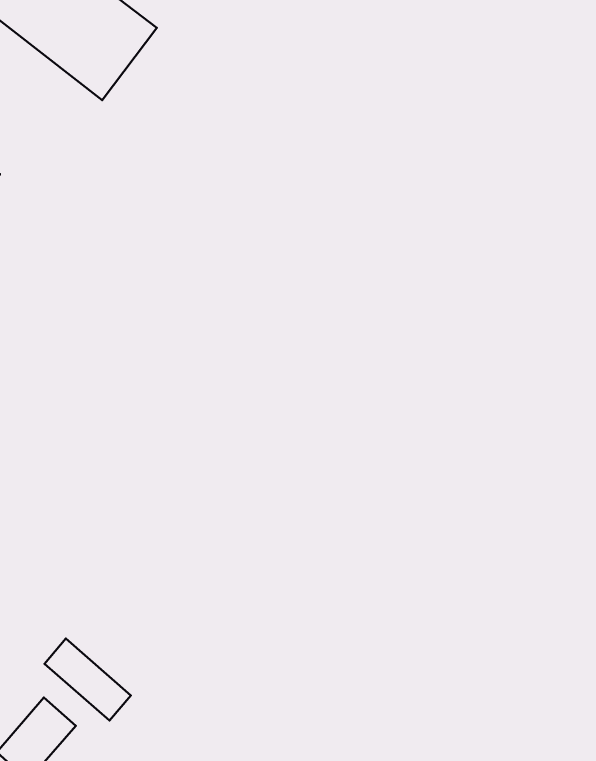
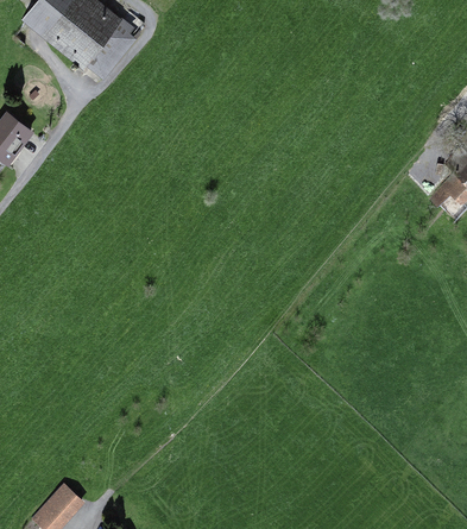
building: [44,639,131,721] -> none

